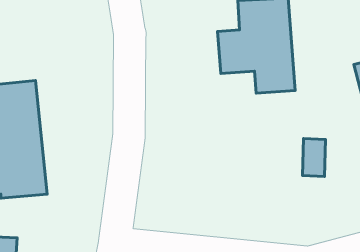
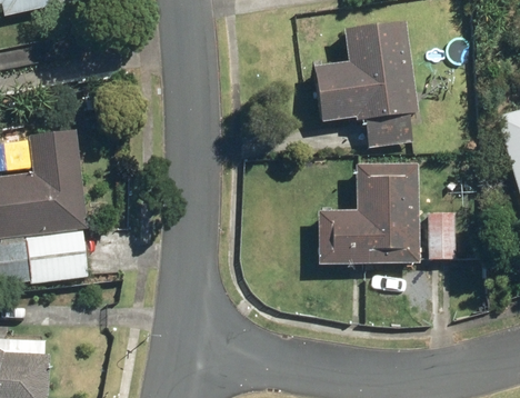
building: none -> [316,160,419,267]

